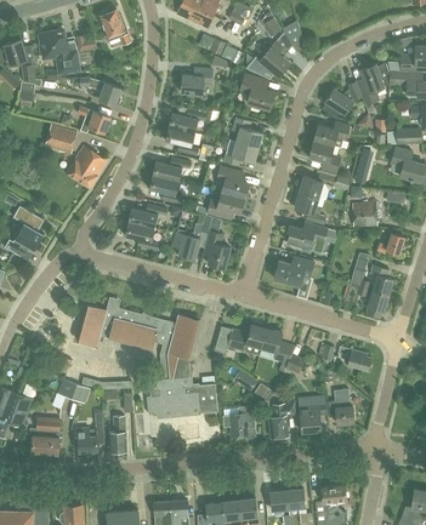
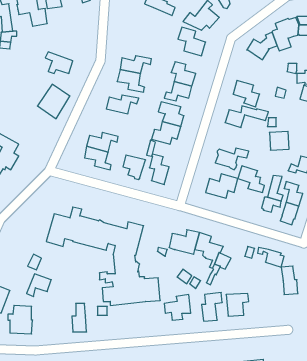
building: [180,67,212,93] -> none
building: [79,76,120,104] -> none
building: [312,121,350,148] -> none
building: [44,124,76,154] -> none
building: [148,175,182,204] -> none
building: [292,192,325,224] -> [238,166,264,192]
building: [333,388,353,423] -> [281,266,298,295]
building: [74,411,103,451] -> none

